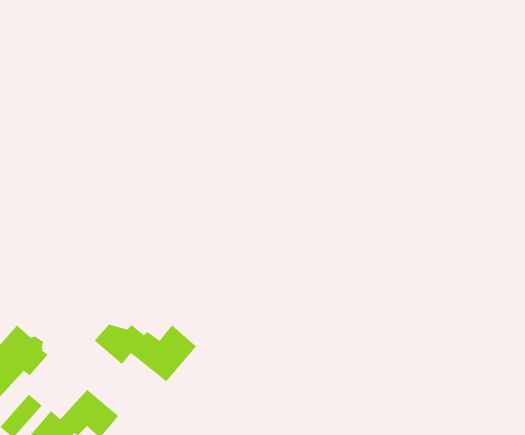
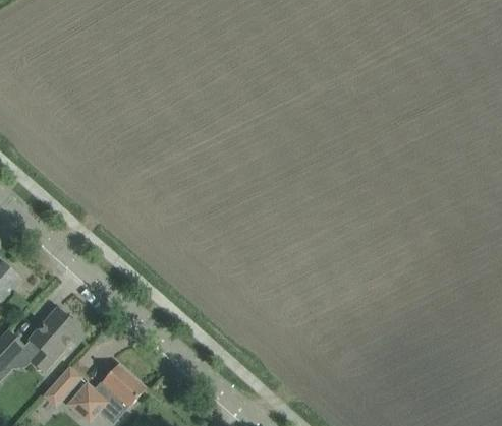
building: [94,324,197,382] -> none

